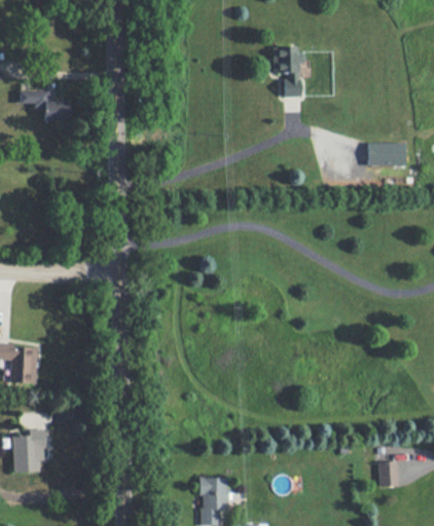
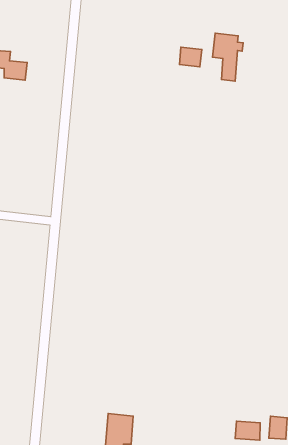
building: none -> [180,47,202,67]
building: none -> [235,421,260,440]

